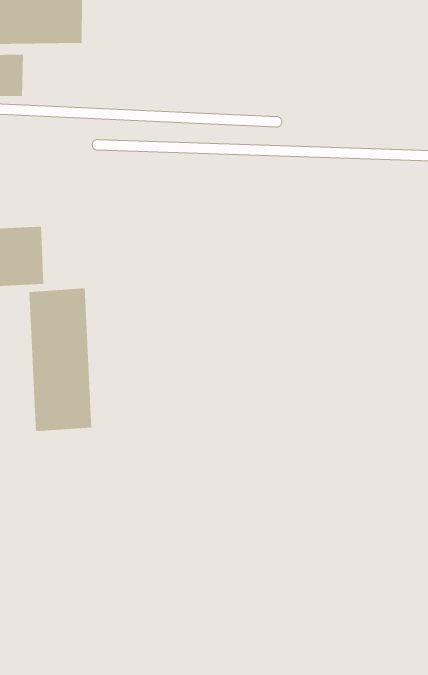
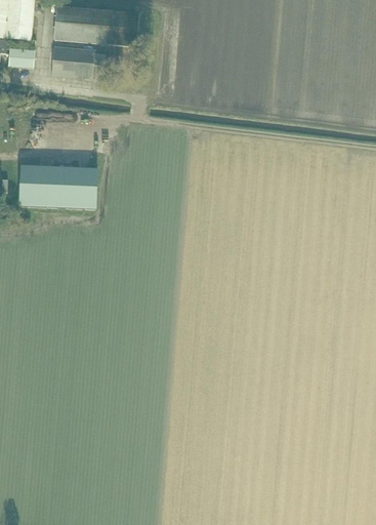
building: [29,288,92,432] -> none

